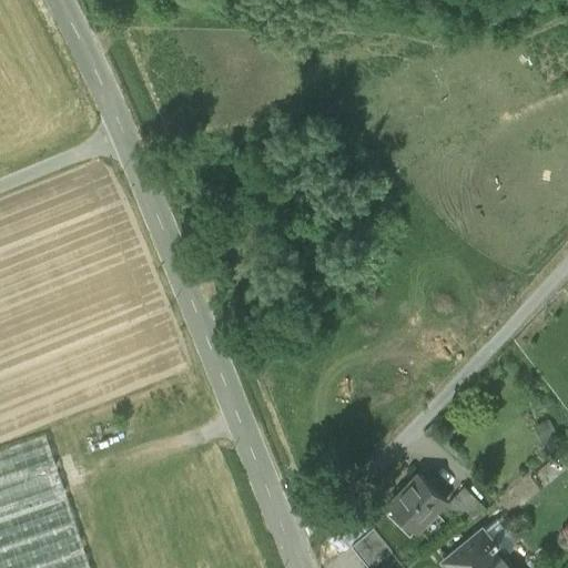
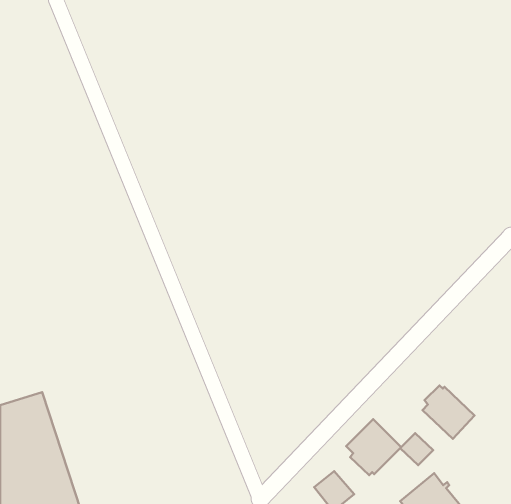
building: none -> [422,385,475,439]

